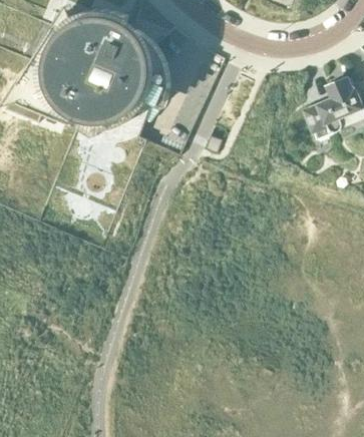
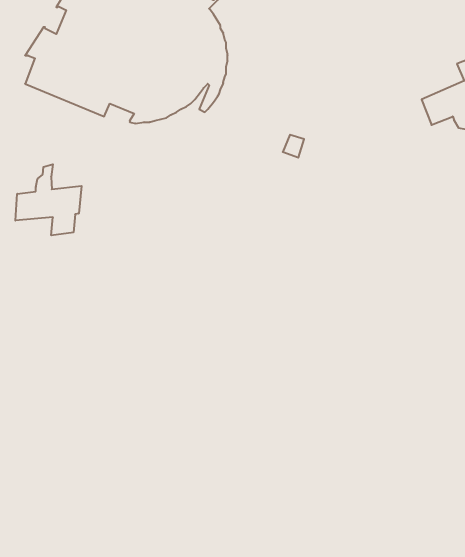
building: none -> [15,164,82,235]

